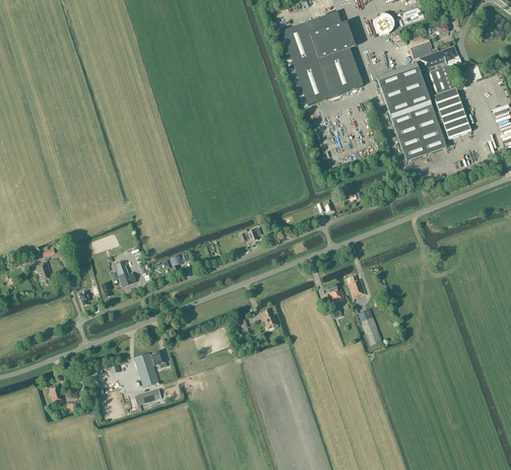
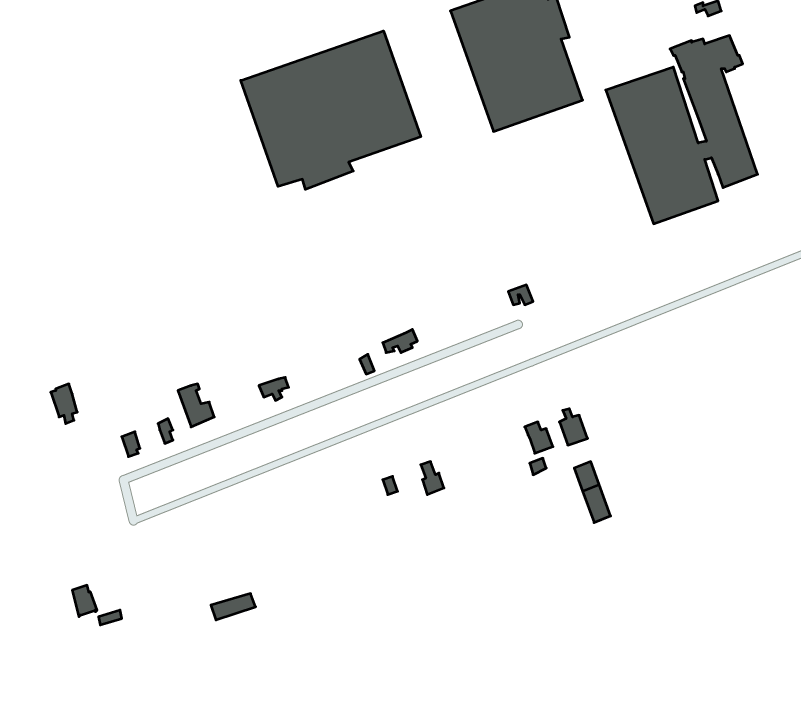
building: none -> [241,31,421,189]
building: [134,349,167,387] -> none

